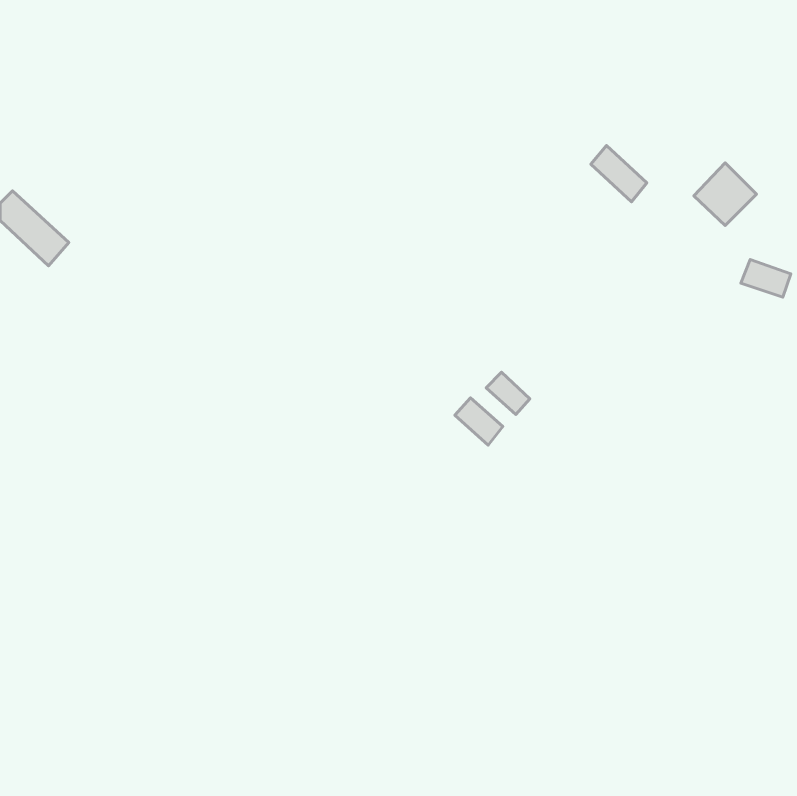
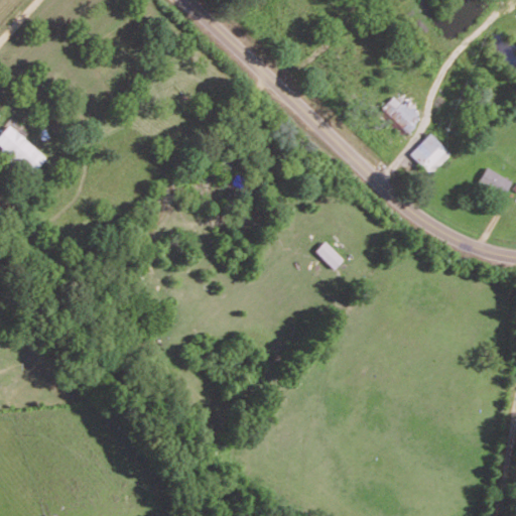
building: [694,163,756,225] -> [410,133,450,173]
building: [455,398,503,445] -> none

